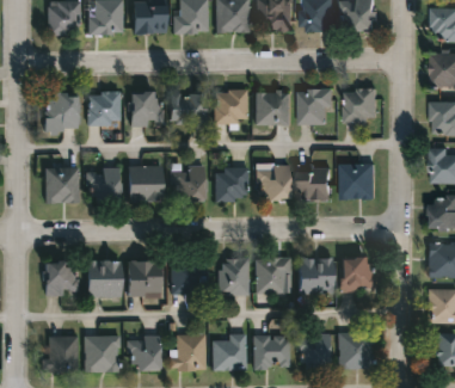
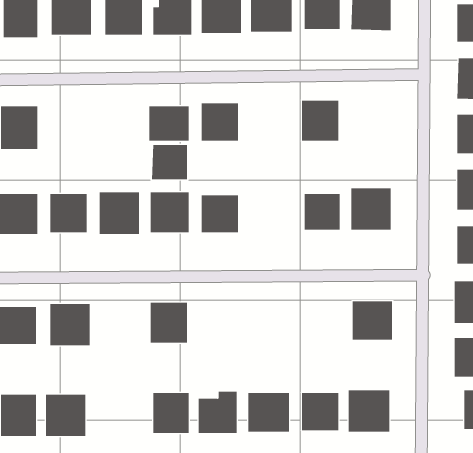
building: [346,88,377,121] -> none
building: [88,92,123,125] -> none
building: [131,92,162,122] -> [151,145,188,180]
building: [256,92,290,124] -> none
building: [257,165,291,198] -> none
building: [257,258,290,292] -> none
building: [300,258,336,292] -> none
building: [219,259,248,295] -> none
building: [129,260,162,296] -> none
building: [129,337,161,370] -> none

